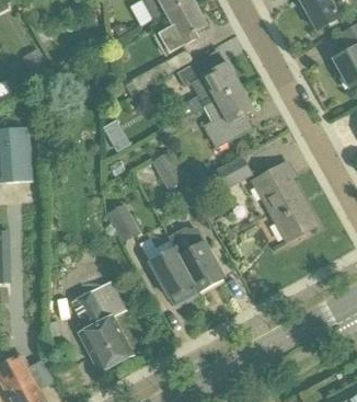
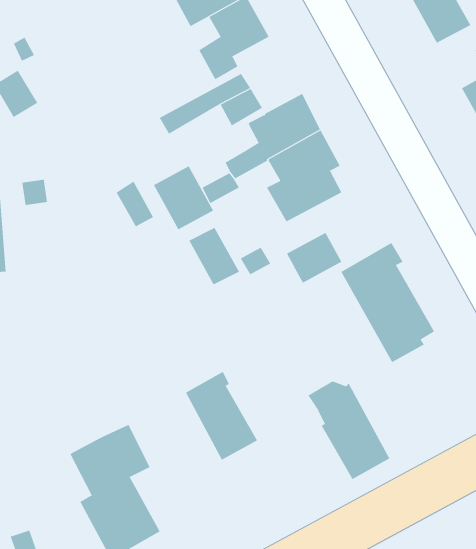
building: none -> [153,166,214,230]
building: [107,203,140,241] -> none
building: [168,227,222,292] -> [308,381,390,480]

